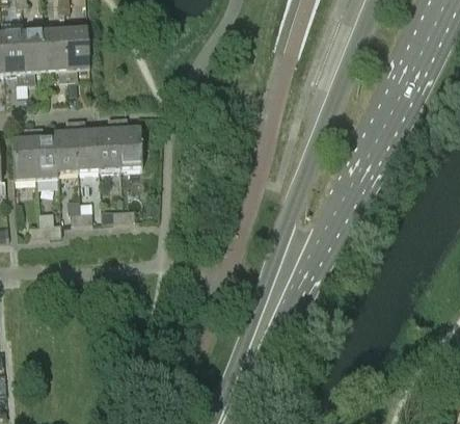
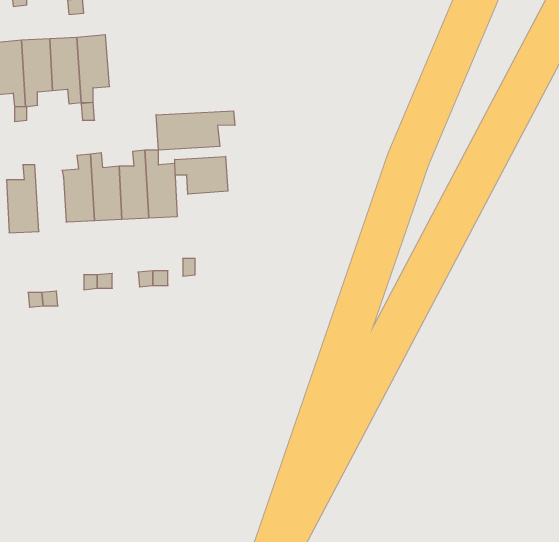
building: none -> [156,111,235,150]
building: none -> [175,156,228,194]
building: [32,126,58,178] -> none

